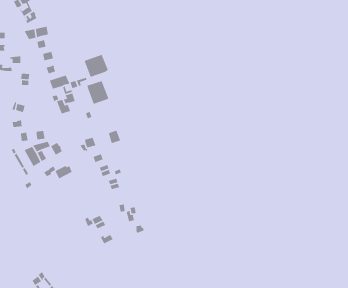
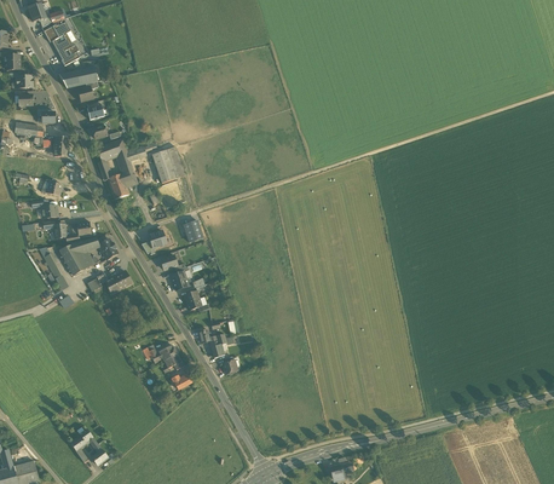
building: [83,54,109,78] -> none

